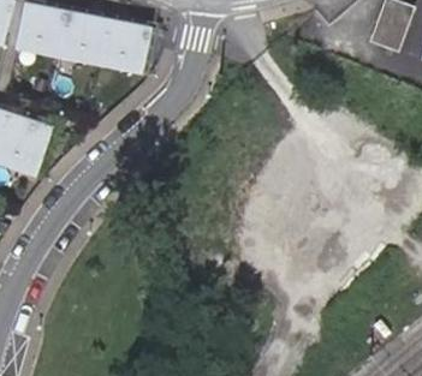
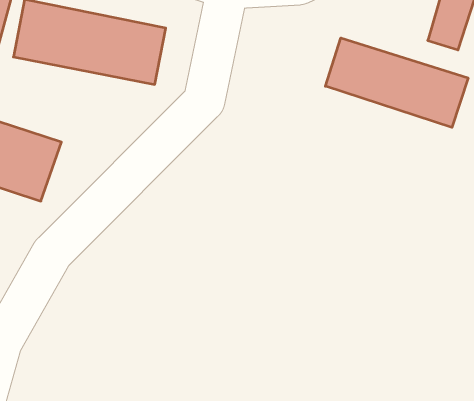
building: none -> [325,38,468,127]

